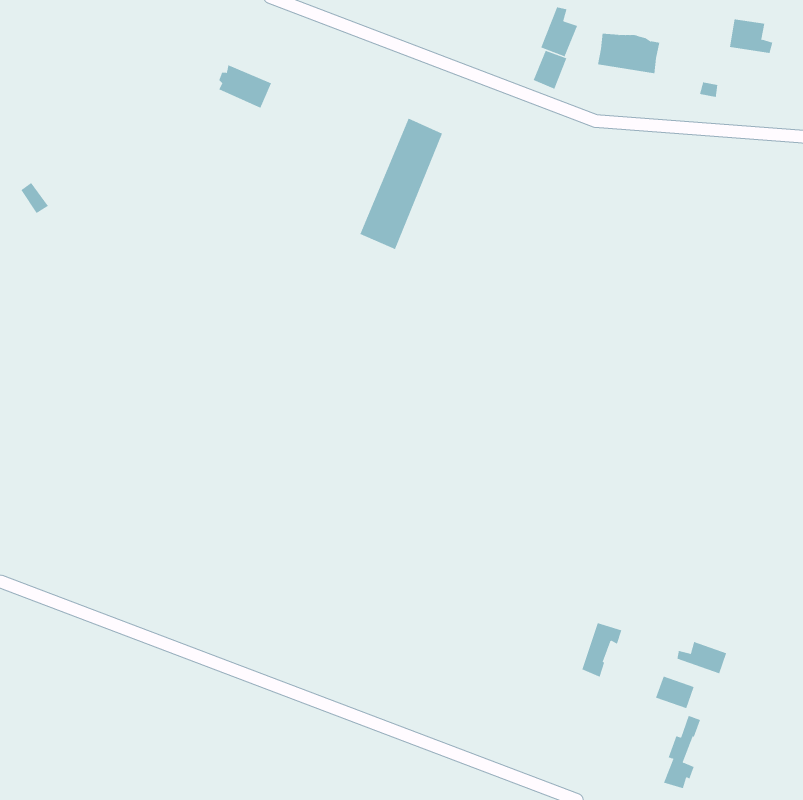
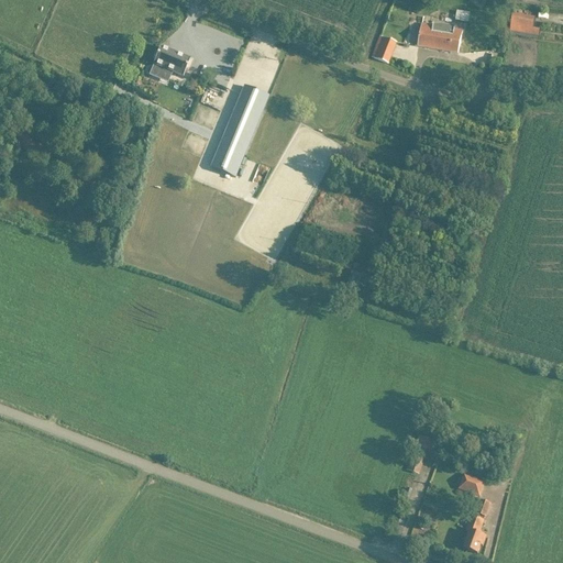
building: [540,6,578,57] -> none
building: [359,118,443,250] -> [211,85,269,177]
building: [677,641,727,674] -> none

